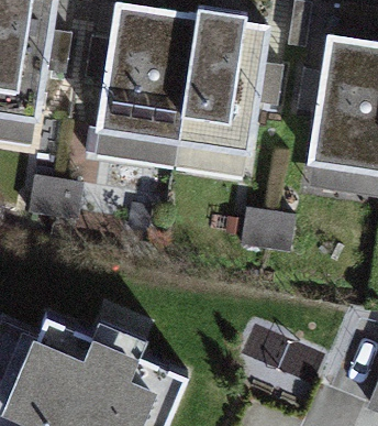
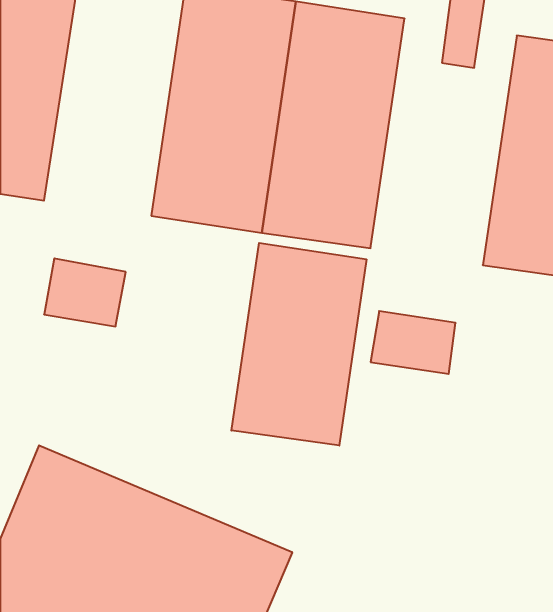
building: none -> [231,243,366,446]

